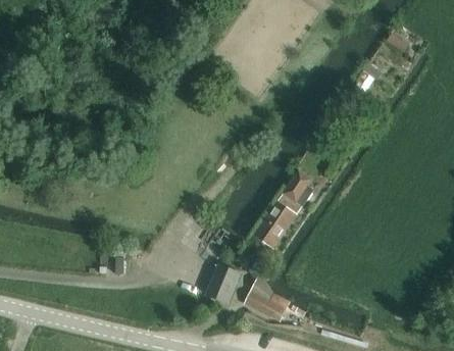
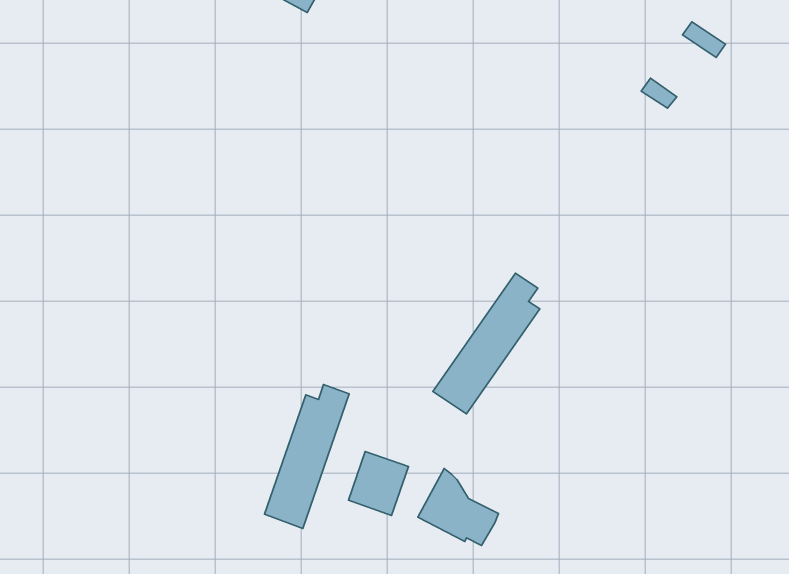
building: none -> [264,384,349,528]

